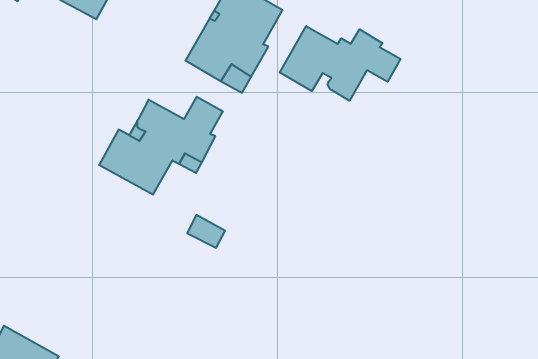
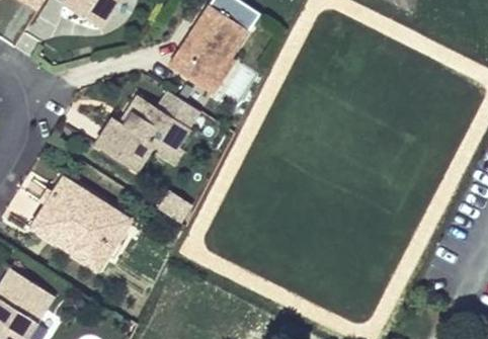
building: [280,26,400,101] -> none
building: none -> [29,174,131,269]

